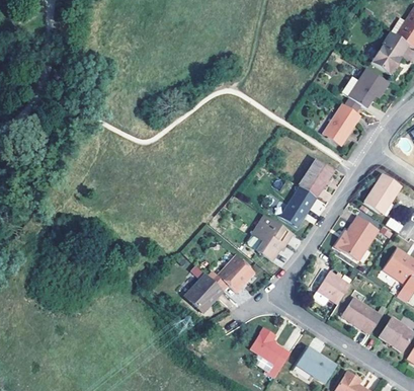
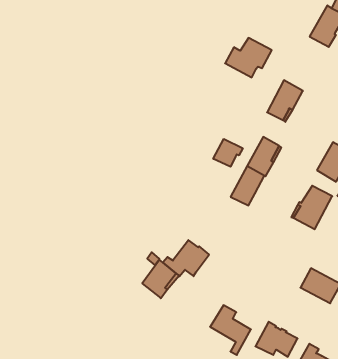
building: [342,71,390,110] -> [225,38,272,77]
building: none -> [213,139,243,167]
building: [246,218,289,261] -> none
building: [311,264,351,301] -> none

